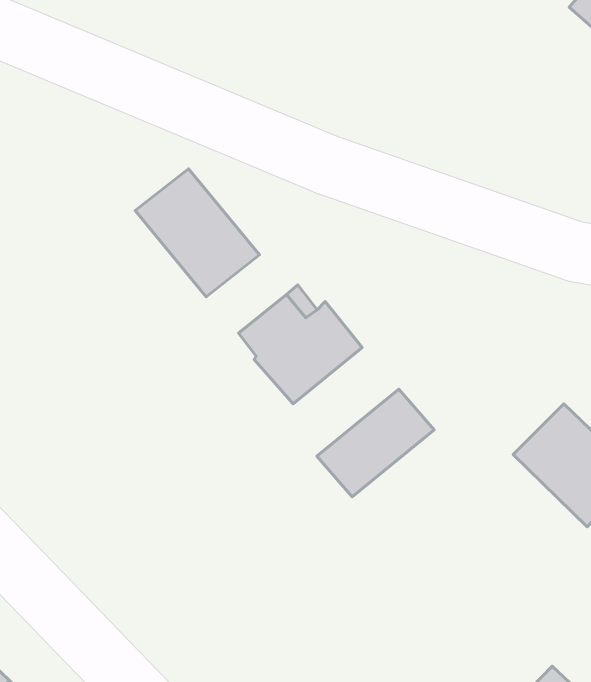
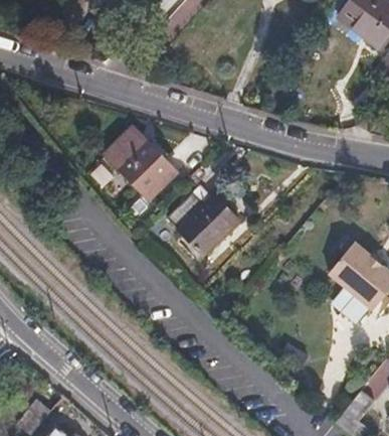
building: [317,389,434,497] -> none

